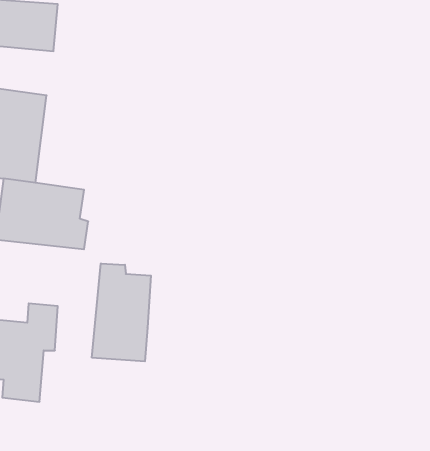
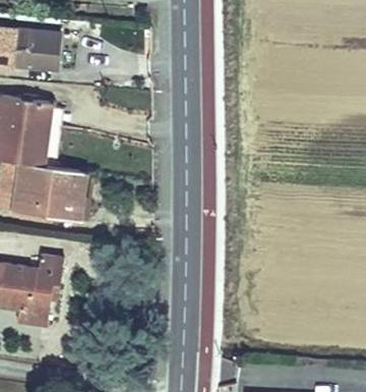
building: [92,263,151,361] -> none

